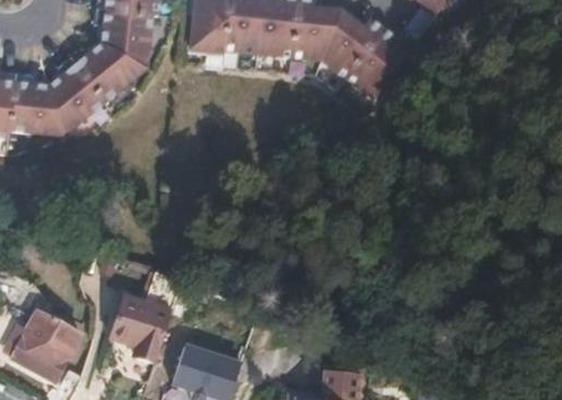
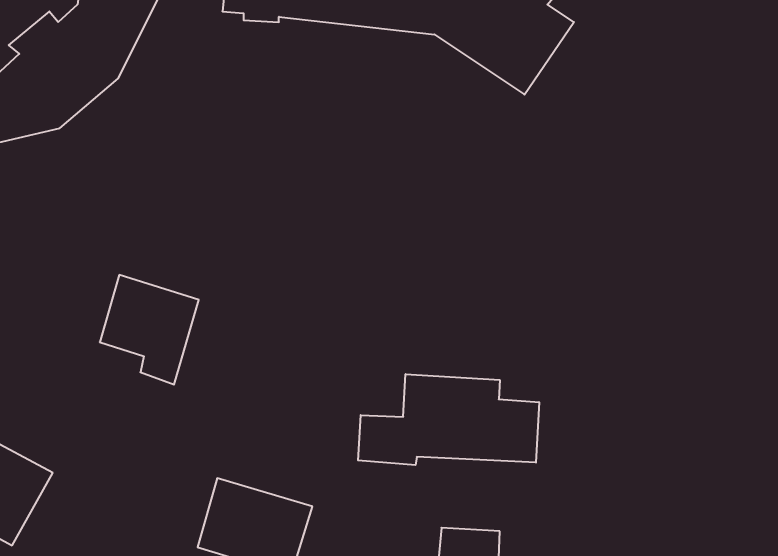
building: none -> [358,374,539,465]
building: [110,294,172,363] -> [100,275,199,385]

